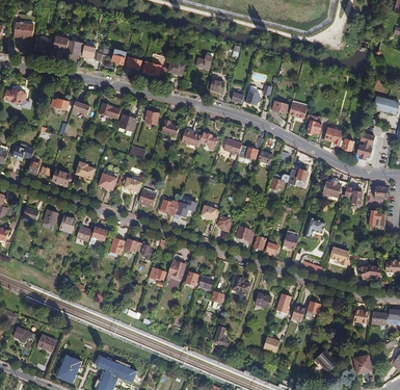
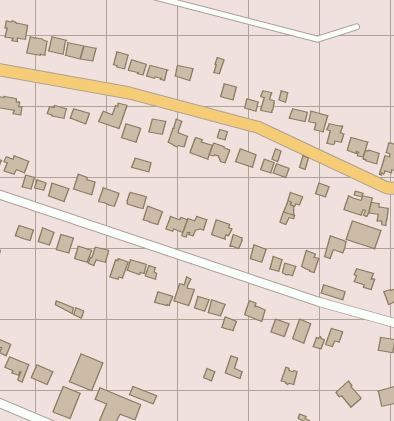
building: none -> [346,221,381,249]
building: none -> [70,354,103,391]

